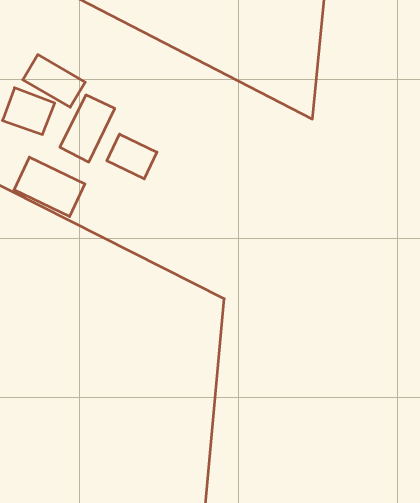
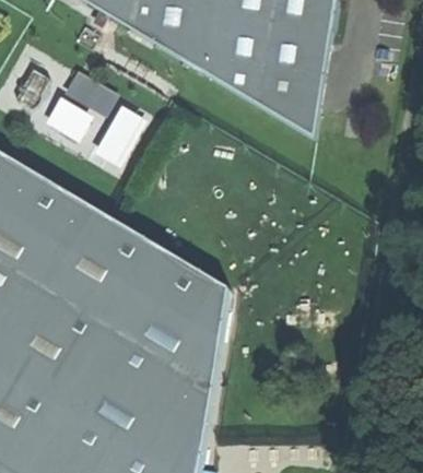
building: [107,134,157,179] -> none
building: [14,157,85,217] -> none

